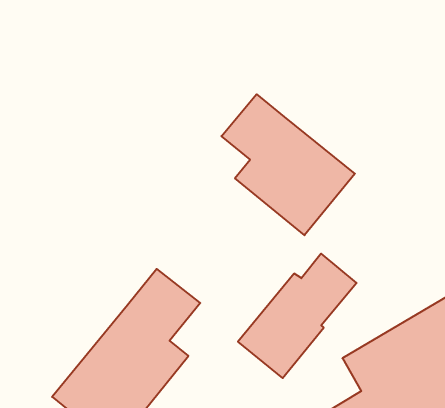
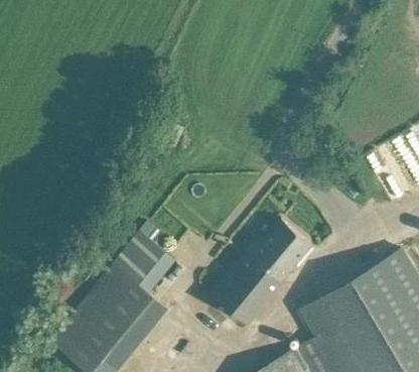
building: [221,94,355,235] -> none

